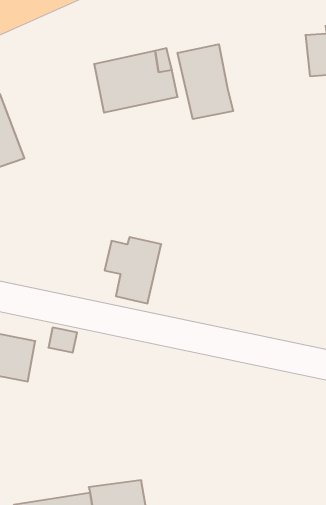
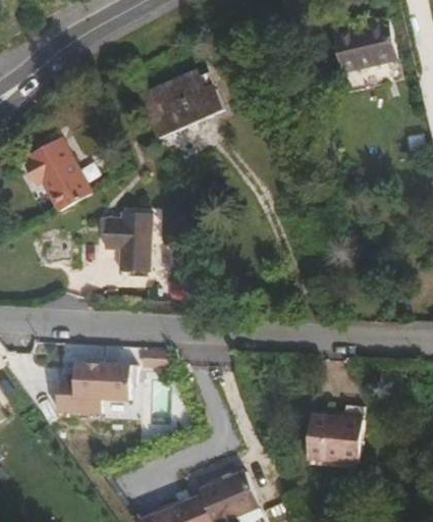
building: [178,44,233,119] -> none
building: [105,237,161,303] -> [99,209,148,268]
building: none -> [310,419,365,466]

